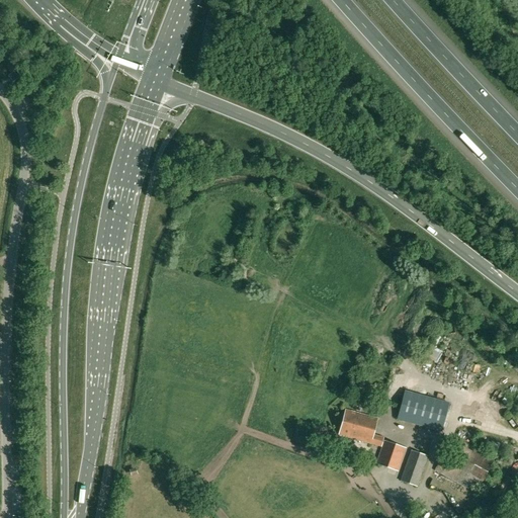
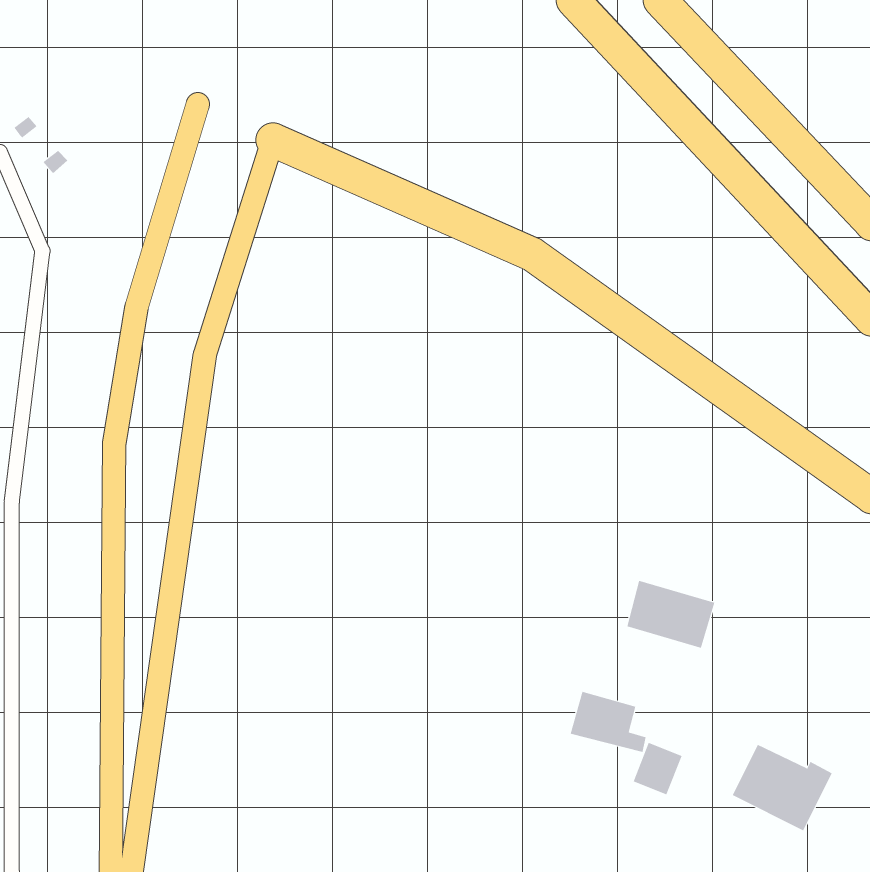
building: [397,390,449,430] -> [627,580,715,649]
building: [400,449,428,487] -> none

